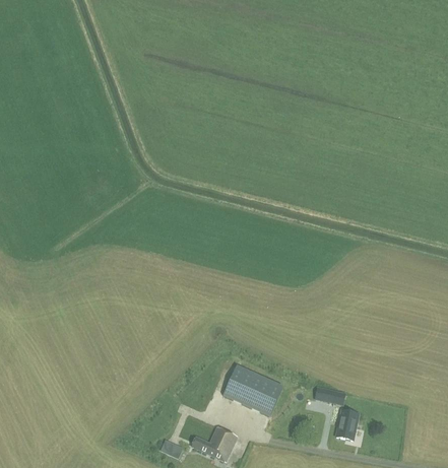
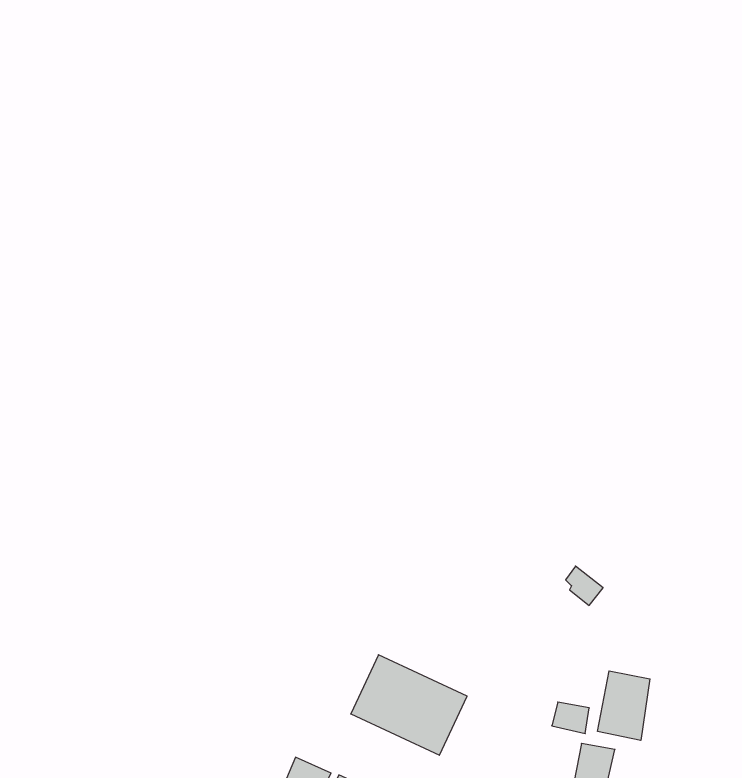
building: none -> [598,671,650,740]

